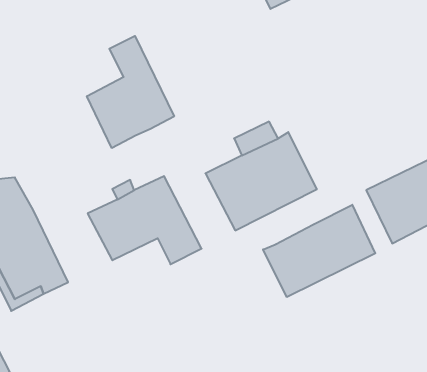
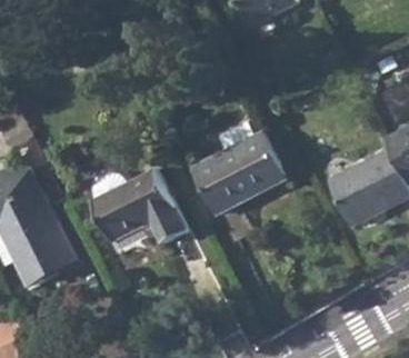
building: [87,36,174,148] -> none
building: [263,205,375,297] -> none

